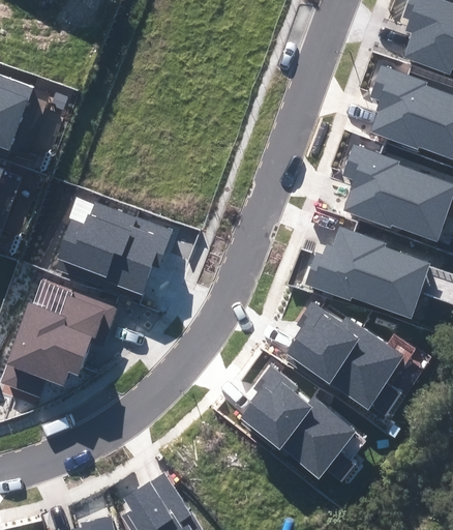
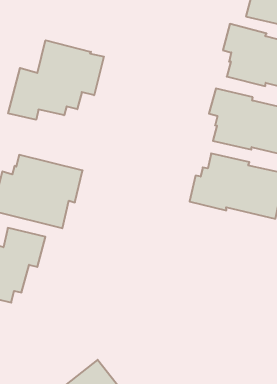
building: none -> [8,40,104,120]
building: [285,304,402,416] -> none
building: [239,363,355,476] -> none

